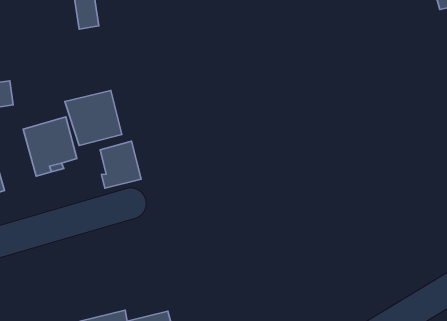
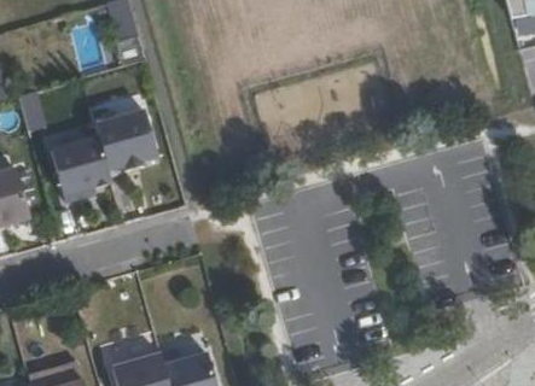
building: [100,141,141,188] -> none

